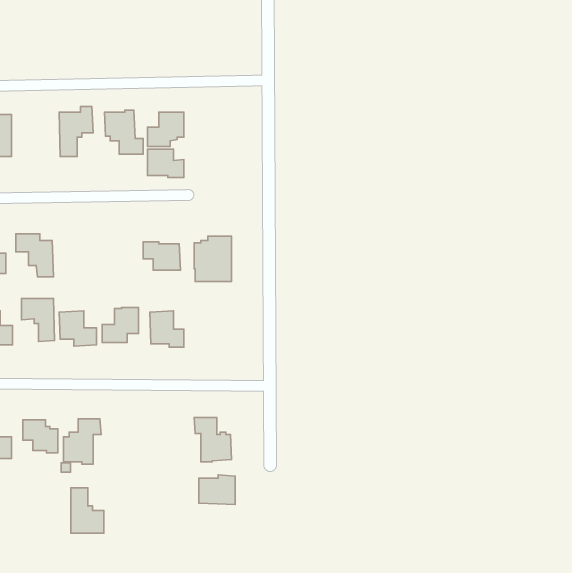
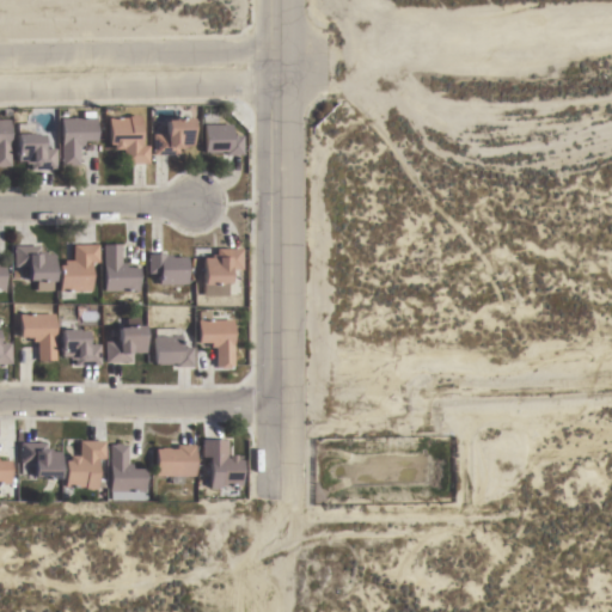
building: none -> [18,133,59,169]
building: [147,149,184,178] -> [207,124,245,154]
building: none -> [61,245,100,292]
building: none -> [105,245,141,290]
building: none -> [200,312,235,365]
building: [199,475,235,504] -> [158,445,196,476]
building: [71,488,104,533] -> [111,445,146,492]

